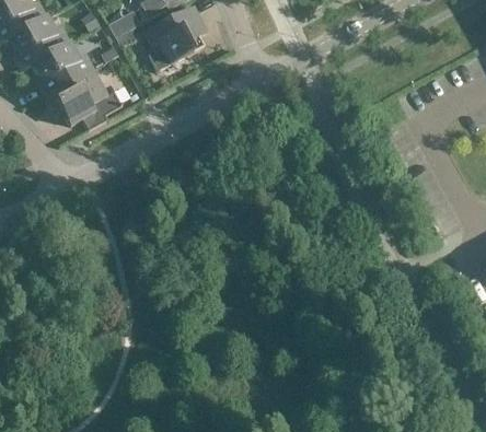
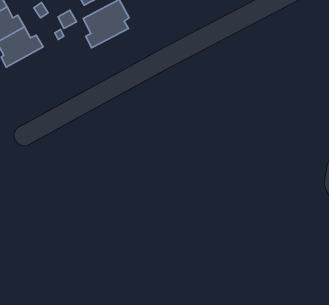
building: [45,67,121,127] -> none

